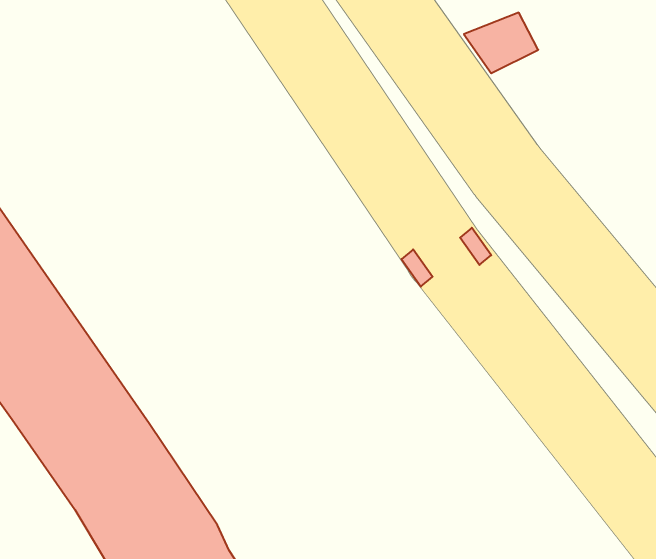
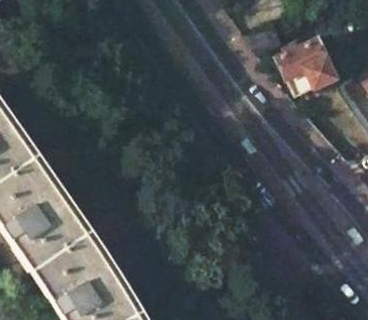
building: none -> [281,39,337,95]

